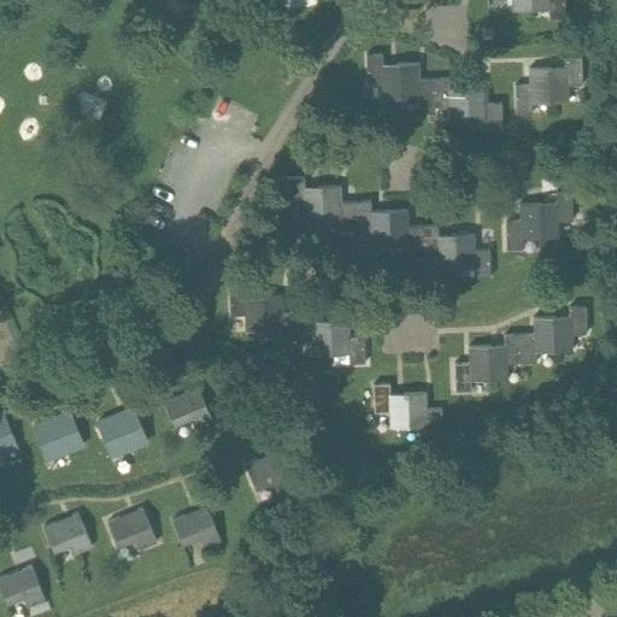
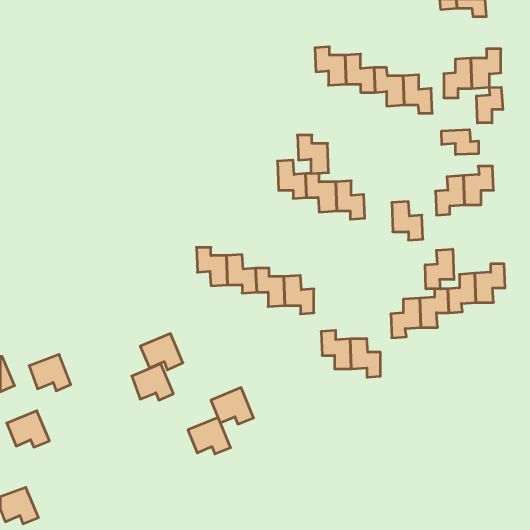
building: none -> [476,87,503,123]
building: none -> [442,130,478,155]
building: [288,177,324,222] -> [297,135,329,174]
building: [423,225,457,270] -> none
building: none -> [425,249,454,289]
building: [99,407,147,449] -> [132,364,173,400]
building: [172,505,222,547] -> [188,418,231,454]
building: [108,507,158,550] -> none
building: [43,512,93,554] -> [7,411,49,447]

